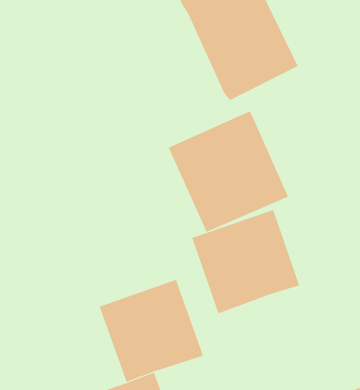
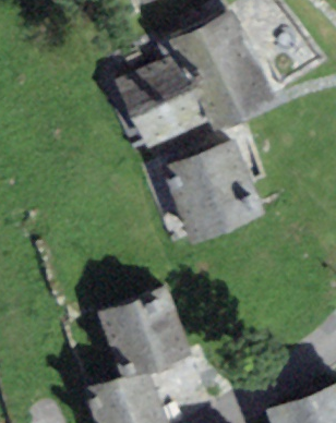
building: none -> [115,52,208,149]
building: [192,209,300,314] -> none

